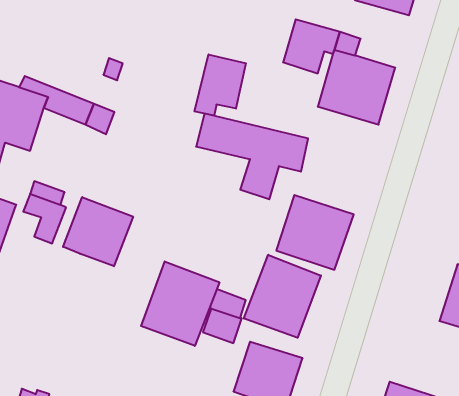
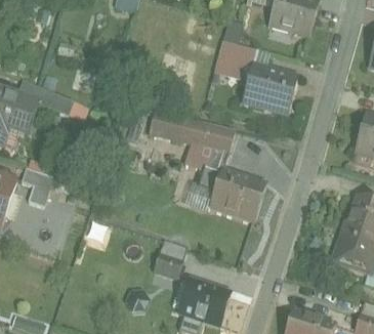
building: [195,54,246,115] -> none
building: [63,197,133,266] -> none
building: [244,255,321,338] -> none
building: [141,261,219,346] -> none

